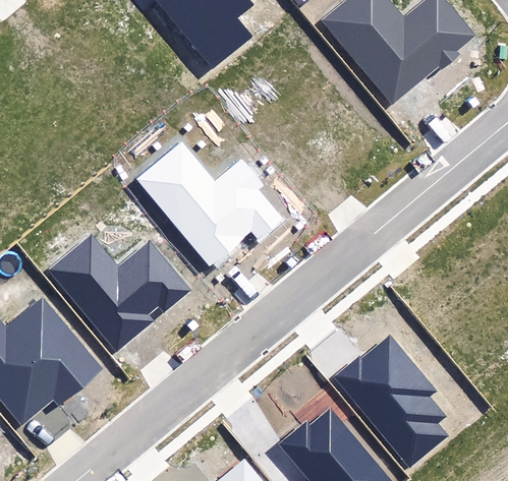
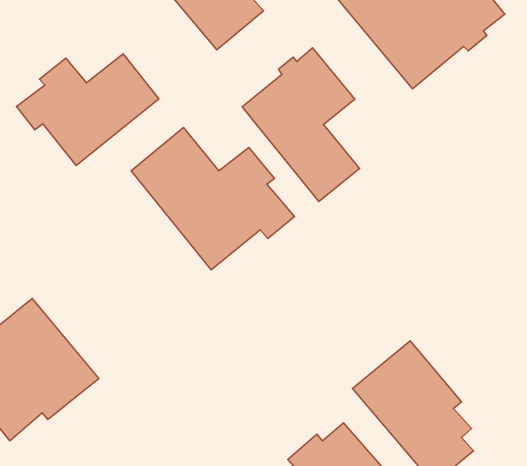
building: none -> [242,48,360,201]
building: none -> [17,54,159,166]
building: [48,235,194,349] -> none

